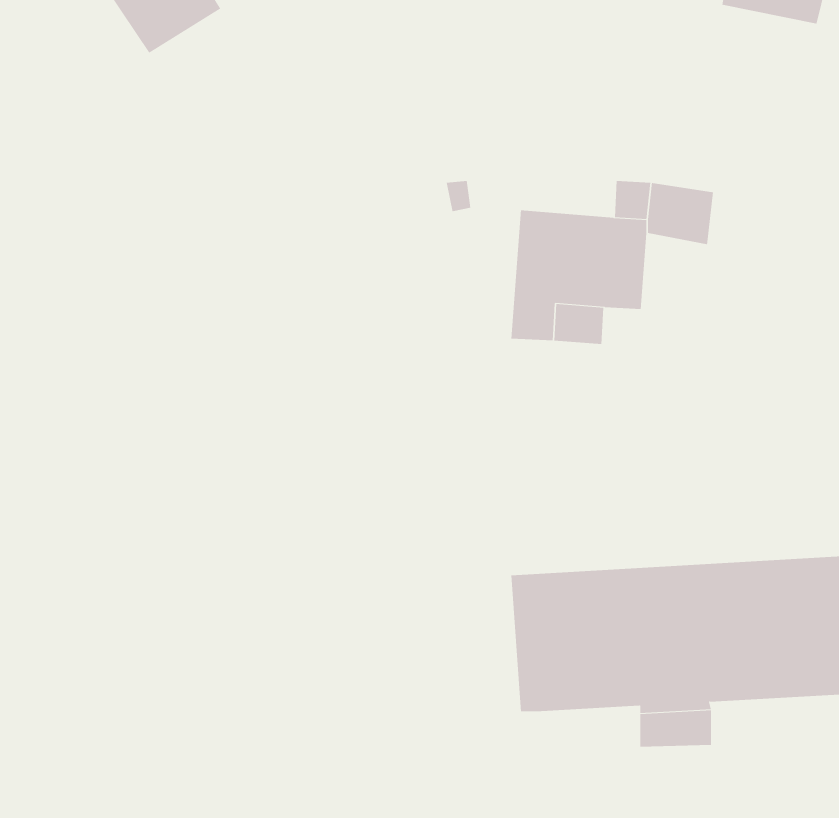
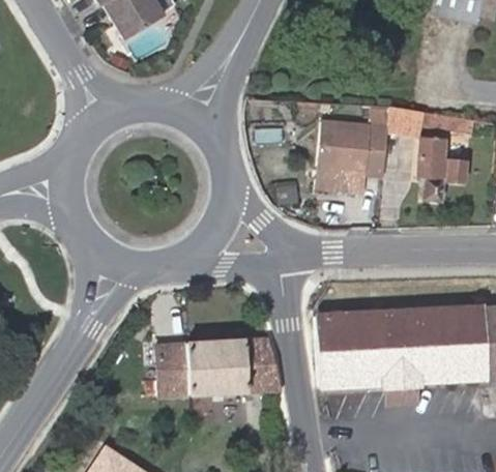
building: none -> [416,139,464,202]
building: none -> [157,337,282,394]

